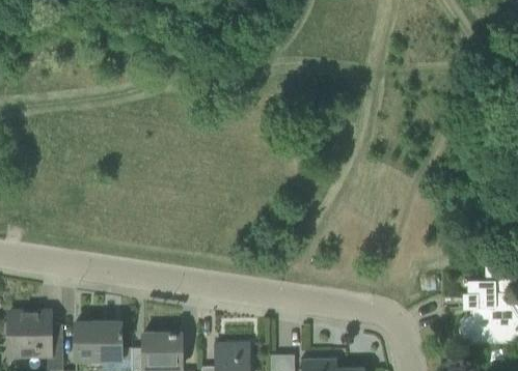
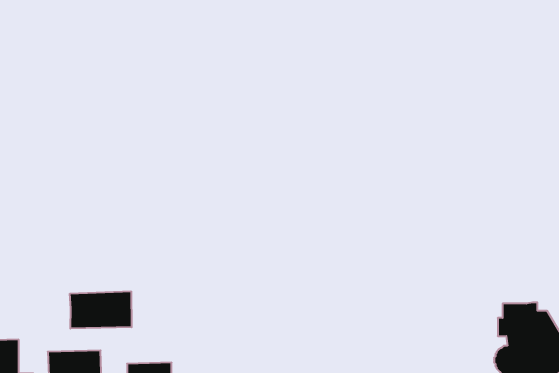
building: none -> [70,291,132,329]

